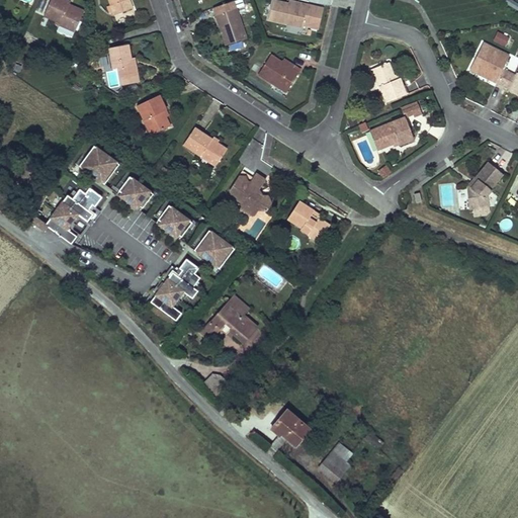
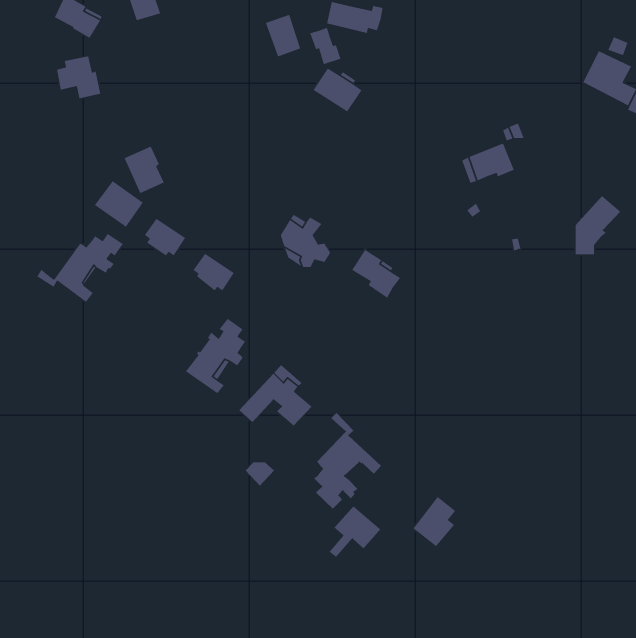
building: none -> [309,27,342,65]
building: [103,45,140,80] -> [56,55,101,99]
building: [373,62,411,102] -> none
building: [138,98,171,138] -> [124,145,165,194]
building: [182,130,226,168] -> none
building: [195,228,236,266] -> none
building: none -> [313,412,382,510]
building: [319,441,354,483] -> [413,496,456,547]

